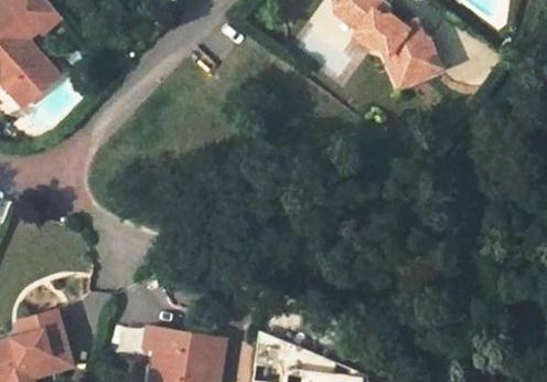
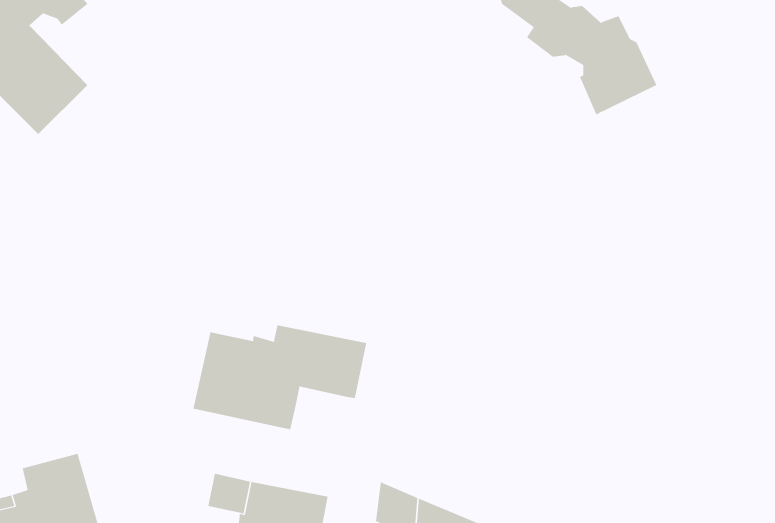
building: none -> [193,324,367,430]

